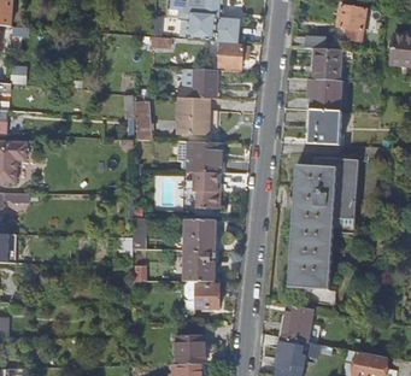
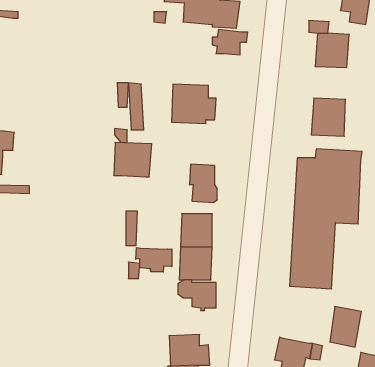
building: [177,69,217,98] -> none
building: [311,80,342,111] -> none
building: [187,141,223,174] -> [114,142,152,177]
building: none -> [136,248,172,272]
building: [282,304,312,342] -> [330,306,361,347]

